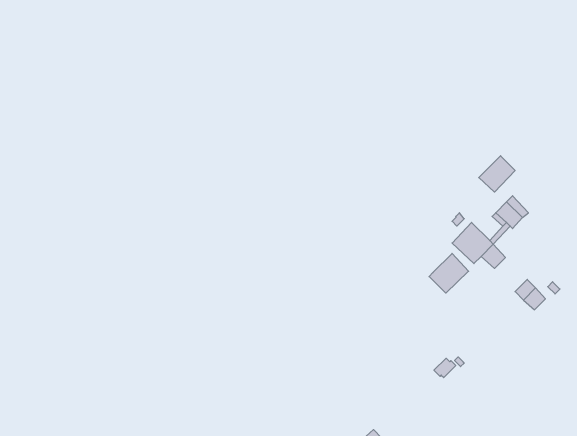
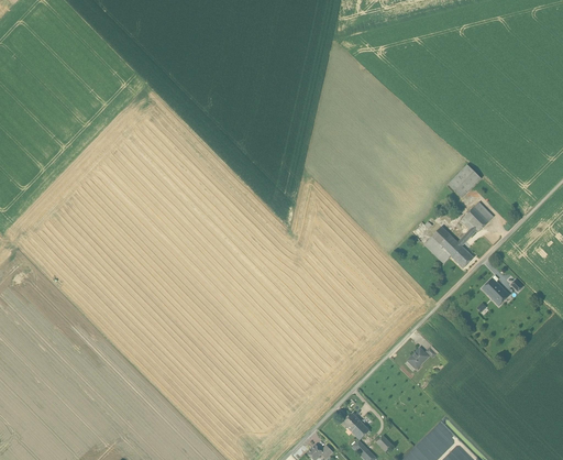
building: [429,253,469,293] -> none

